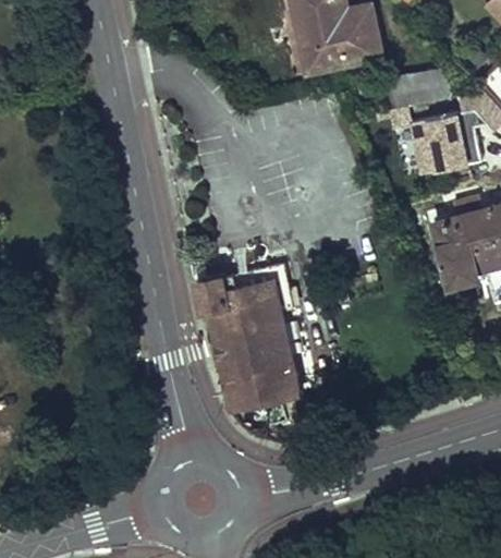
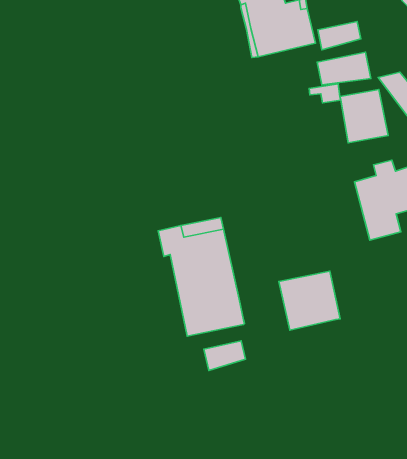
building: none -> [318,22,361,50]
building: none -> [279,271,340,330]
building: none -> [204,341,245,370]

